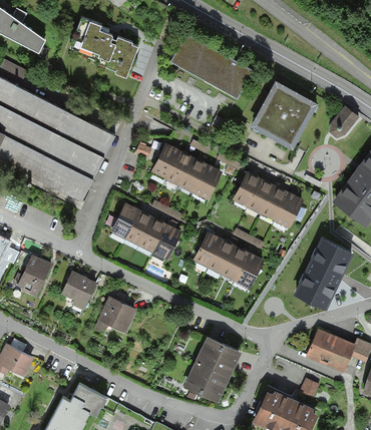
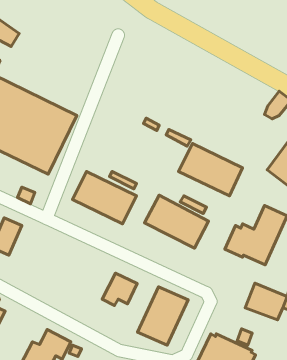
building: [71,21,140,79] -> none
building: [171,39,253,103] -> none
building: [251,83,318,152] -> none
building: [149,140,223,200] -> none
building: [60,272,94,309] -> none
building: [95,295,135,332] -> [102,273,137,305]

